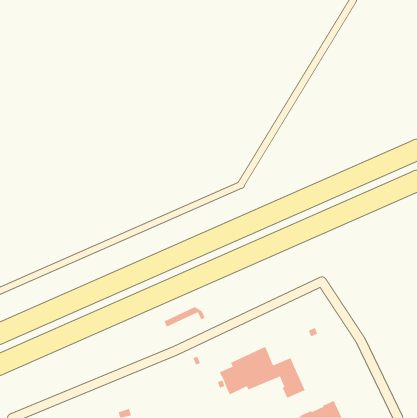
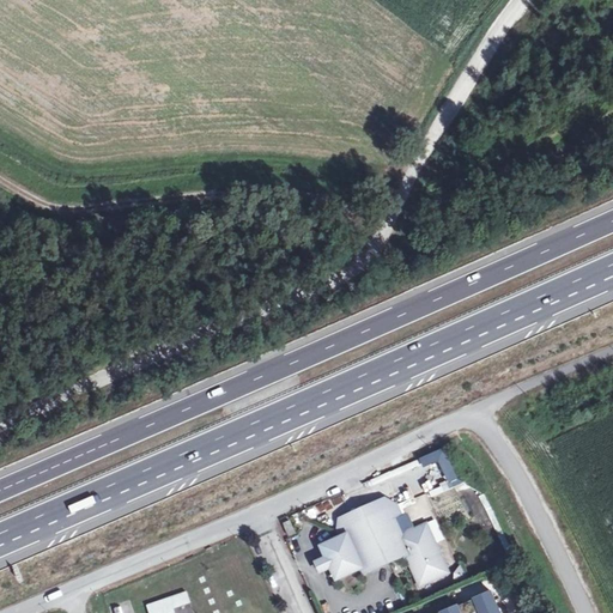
building: [164,306,206,328] -> [339,497,400,528]

